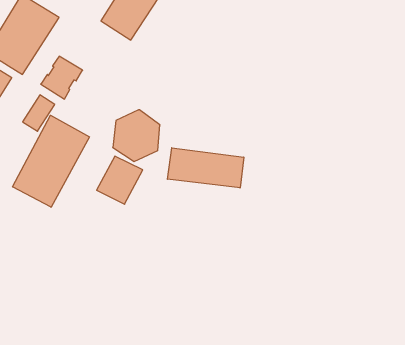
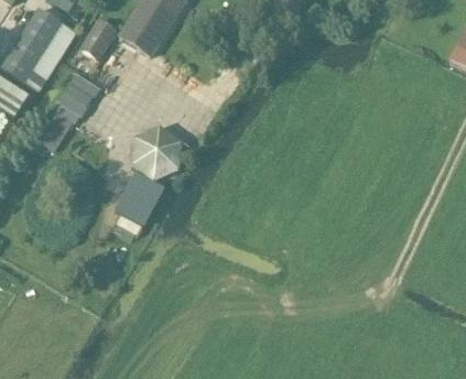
building: none -> [79,19,117,59]
building: [13,115,89,207] -> none
building: [167,148,244,188] -> none

